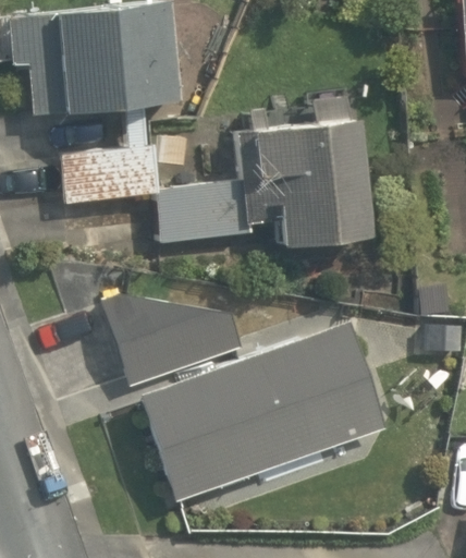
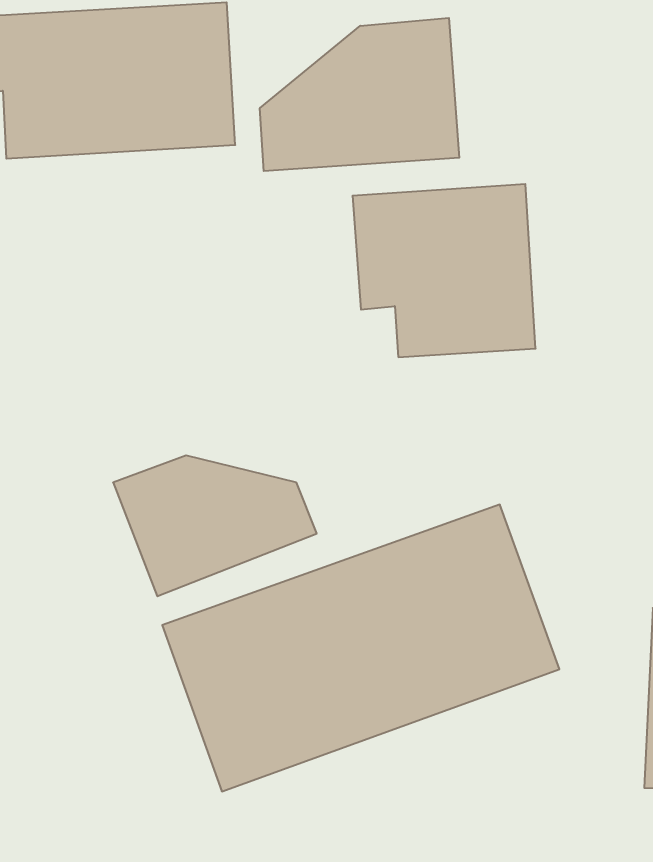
building: none -> [260,18,459,171]
building: [61,145,245,245] -> none

